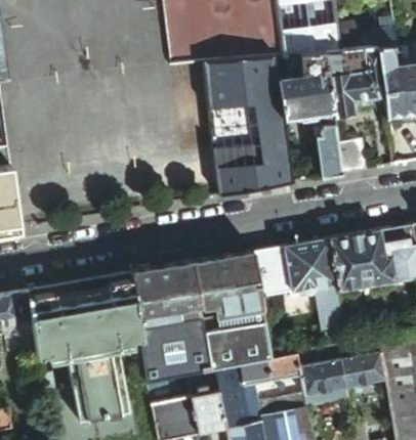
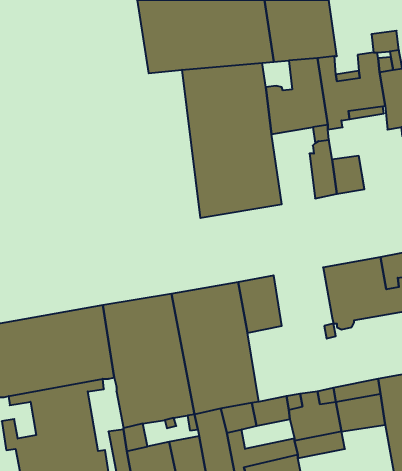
building: [285,239,337,295] -> none

